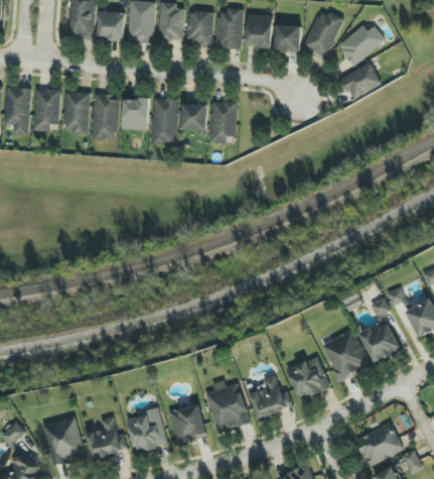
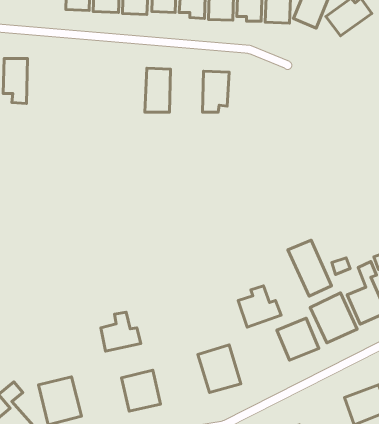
building: [341,65,381,98] -> none
building: [34,89,60,131] -> none
building: [63,92,90,133] -> none
building: [93,94,118,139] -> none
building: [122,98,149,130] -> none
building: [181,103,207,136] -> none
building: none -> [288,240,331,296]
building: [249,375,293,417] -> [238,286,281,327]
building: [169,405,205,442] -> none
building: [87,417,128,458] -> [101,312,141,351]

